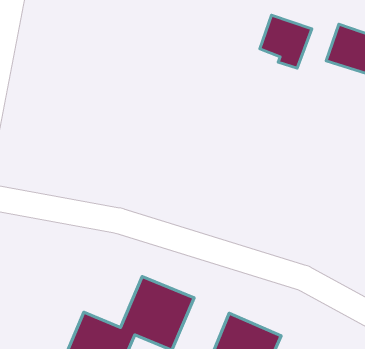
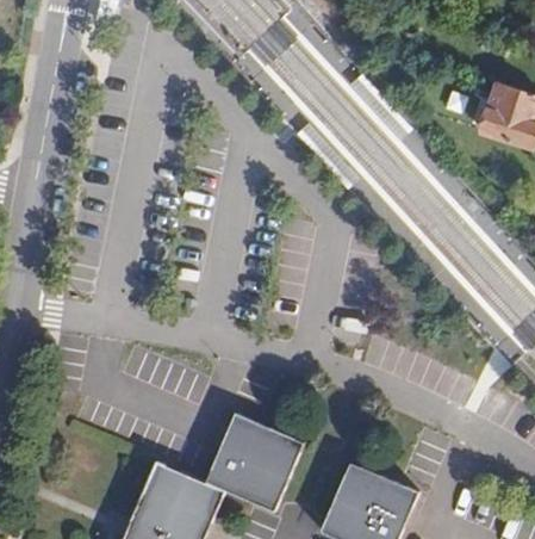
building: [260,15,312,68] -> none

